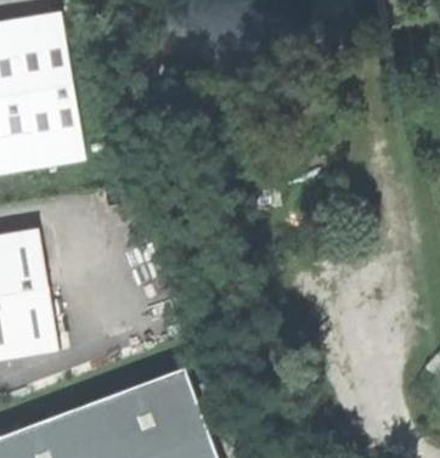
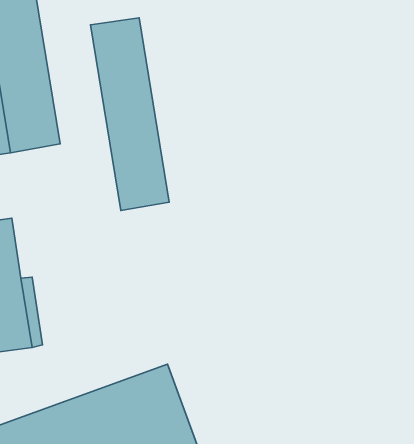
building: none -> [90,18,169,211]

